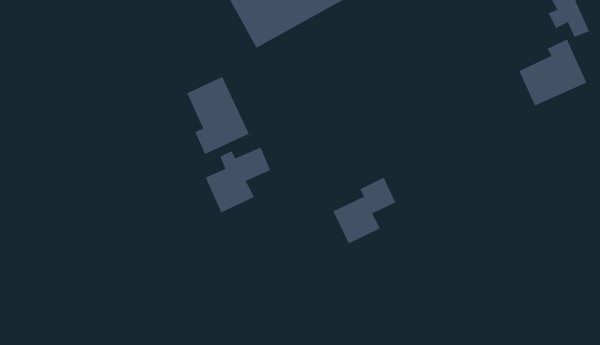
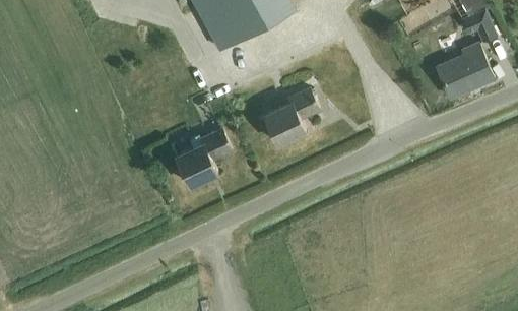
building: [186,76,249,155] -> none
building: [333,177,396,244] -> [265,89,318,145]

